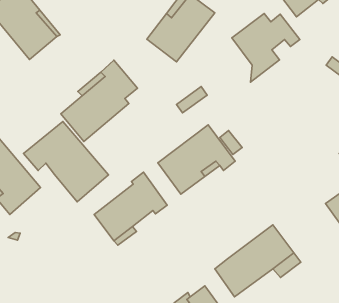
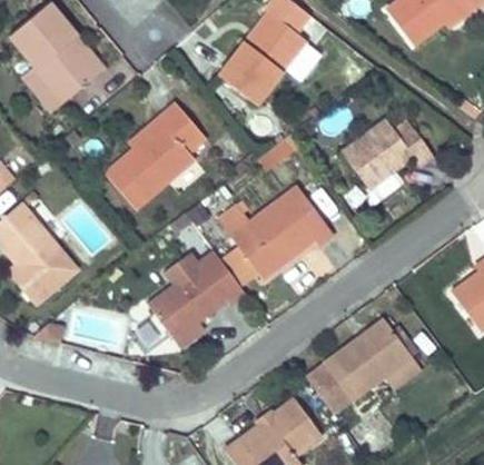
building: [232,13,300,82] -> [343,119,432,209]
building: [24,122,108,202] -> none

